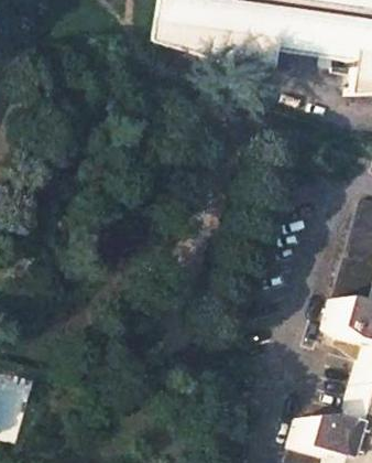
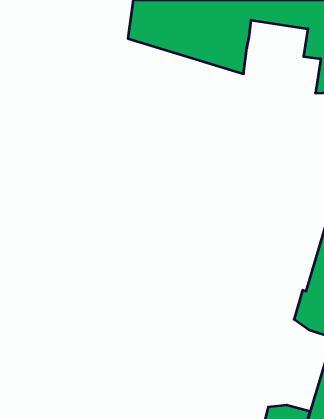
building: [288,21,351,58] -> none

